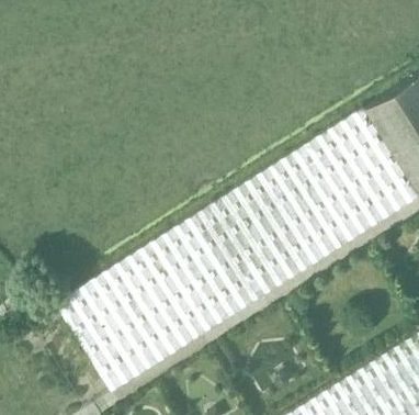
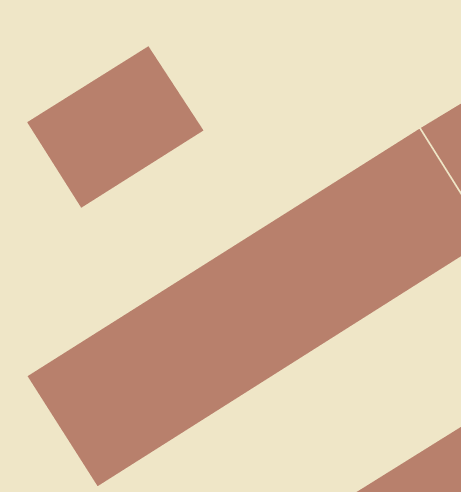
building: none -> [26,45,204,209]

